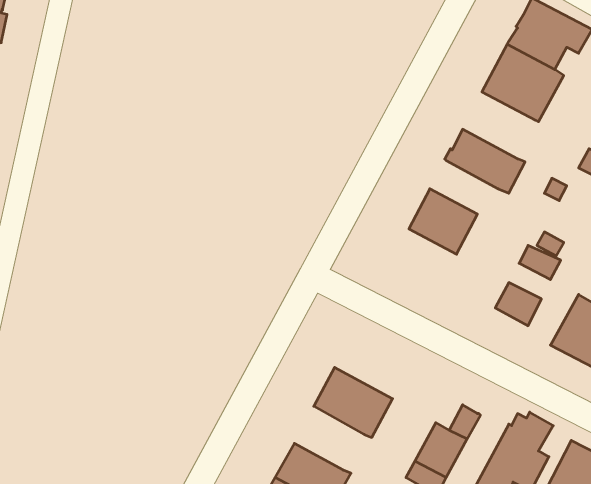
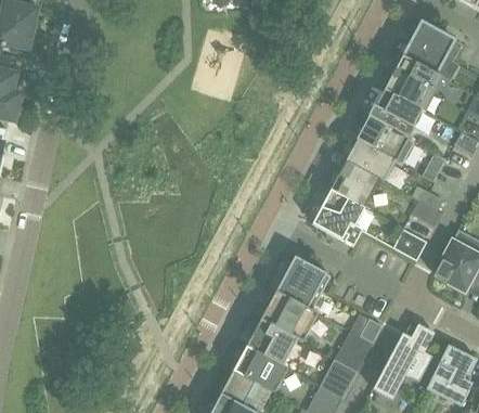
building: none -> [366,90,422,139]
building: none -> [345,140,394,181]
building: none -> [311,190,364,246]
building: none -> [275,256,329,310]
building: none -> [246,319,297,365]

